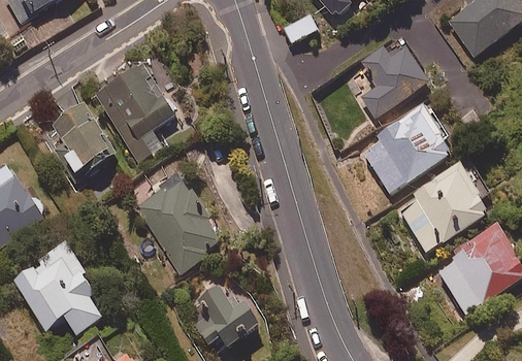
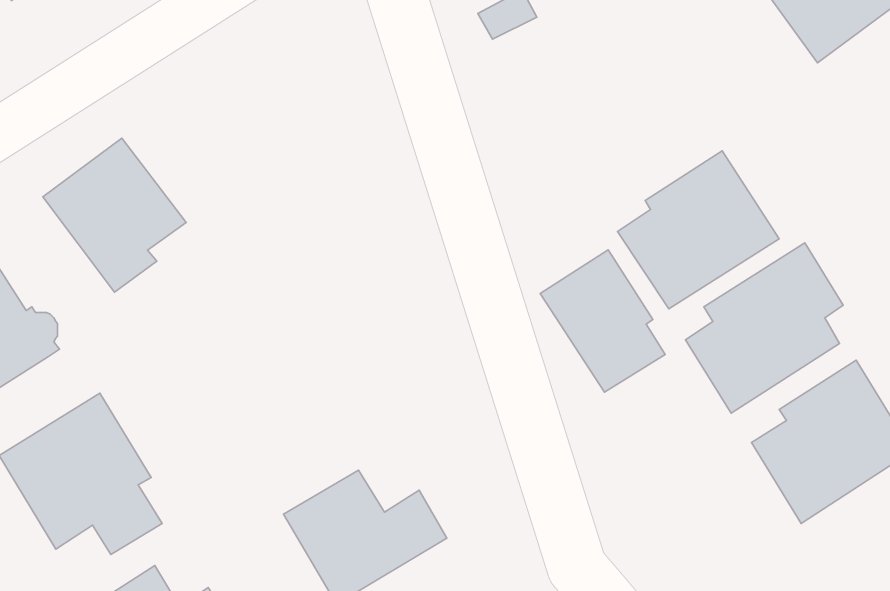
building: [358,44,427,120] -> none
building: [92,62,175,161] -> none
building: none -> [540,250,665,392]
building: [135,175,222,275] -> none

